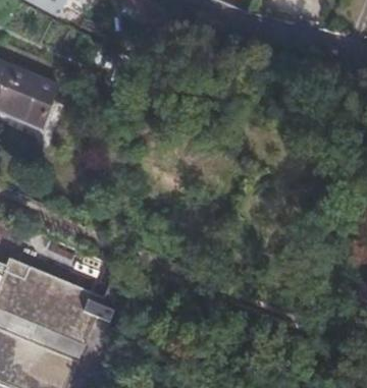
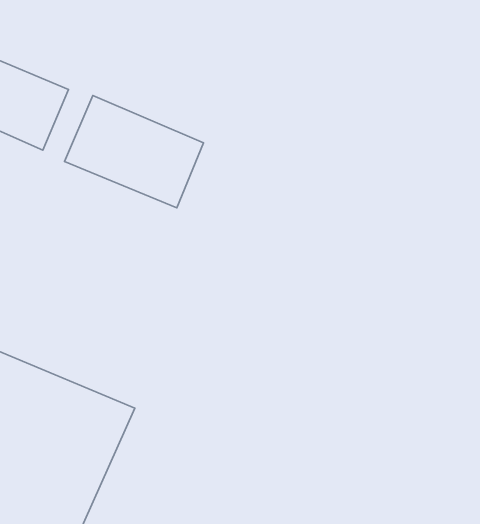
building: none -> [65,95,204,208]

